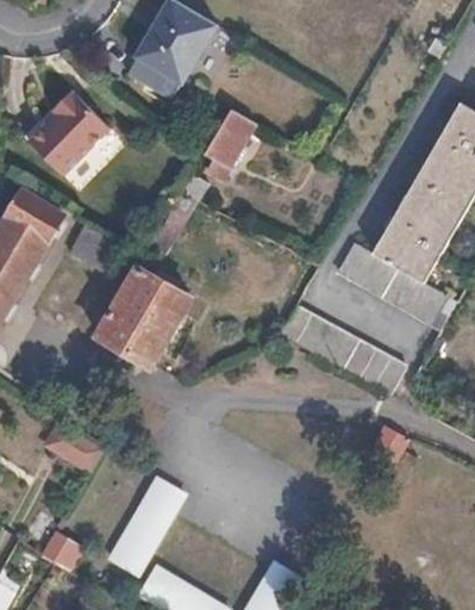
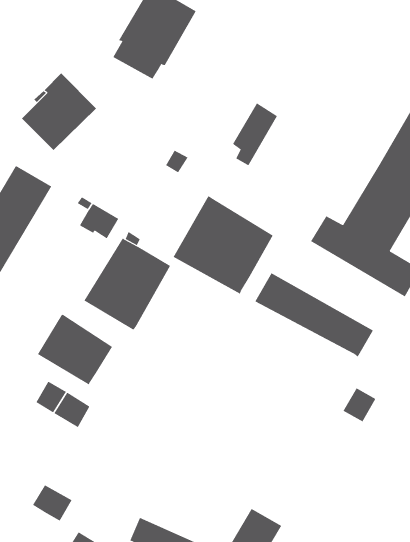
building: [205,110,254,178] -> [232,103,278,166]
building: none -> [173,196,274,294]
building: none -> [37,314,113,386]
building: [110,474,189,578] -> none

